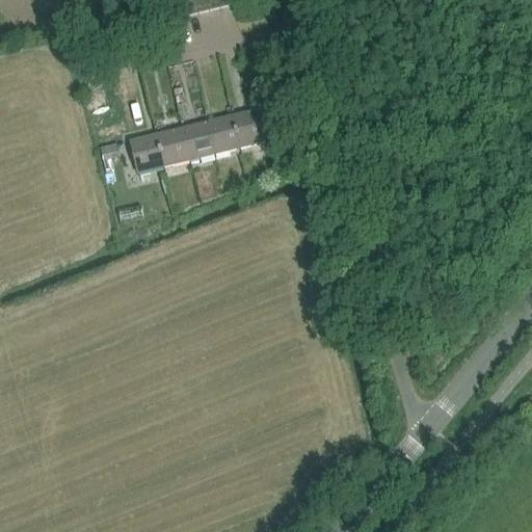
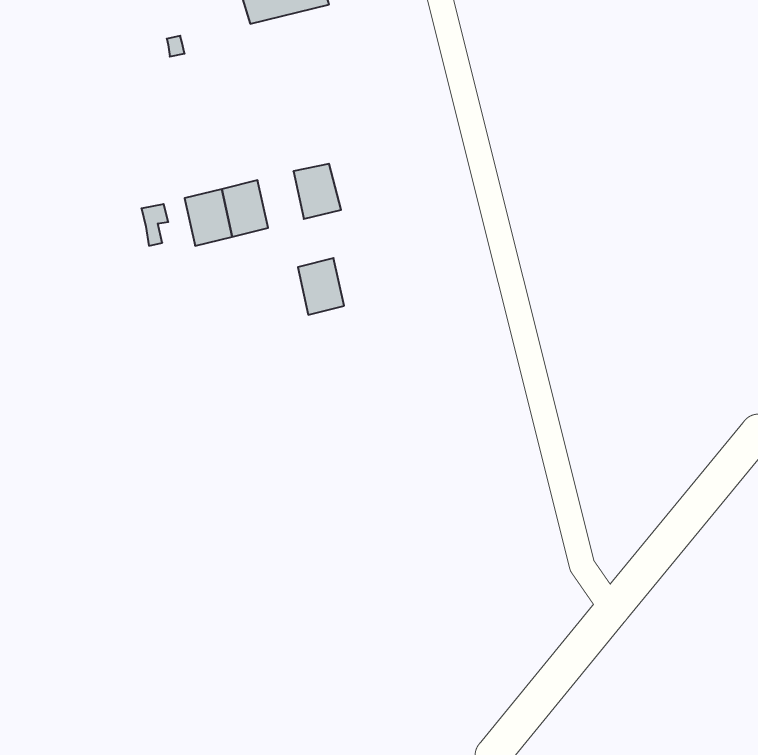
building: [230,108,263,147] -> none
building: [180,119,212,159] -> [298,258,344,315]

